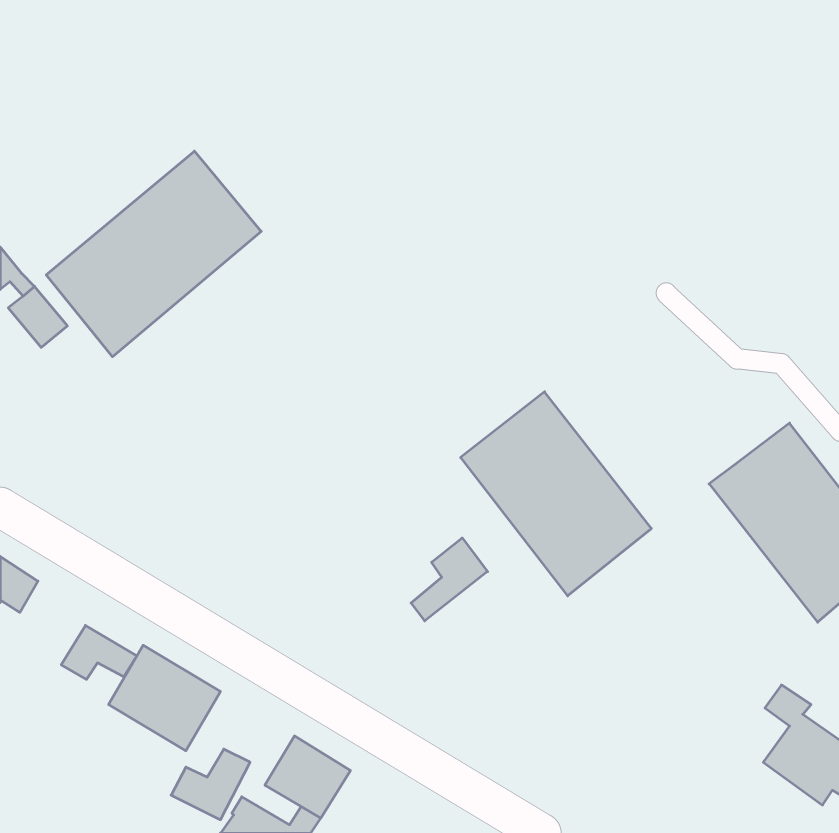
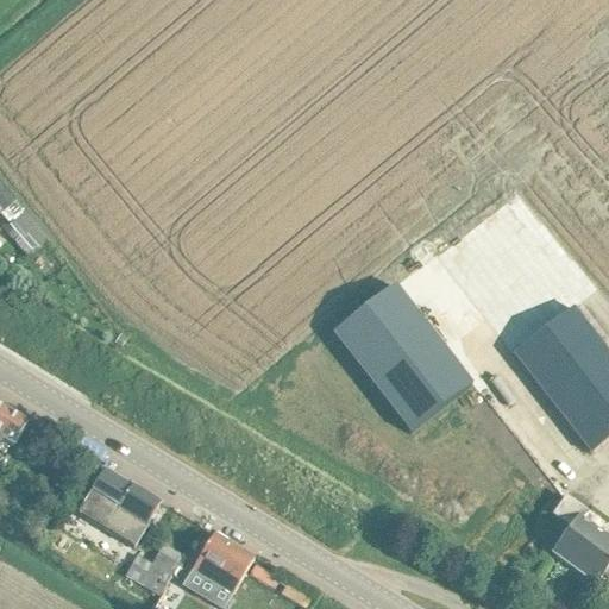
building: [46,151,261,357] -> none
building: [411,538,488,621] -> none
building: [61,625,137,679] -> none

